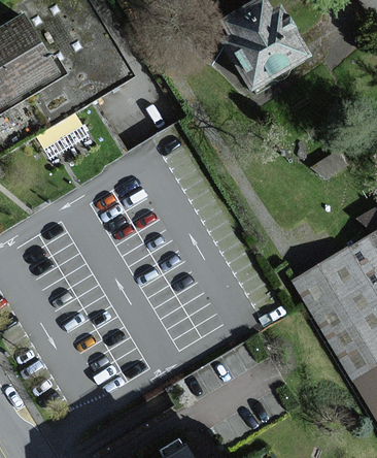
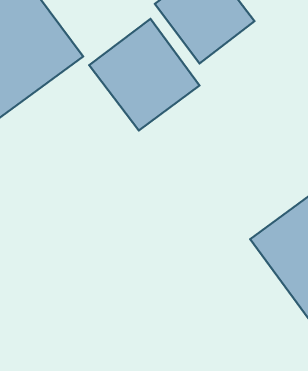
building: none -> [89,19,200,131]

